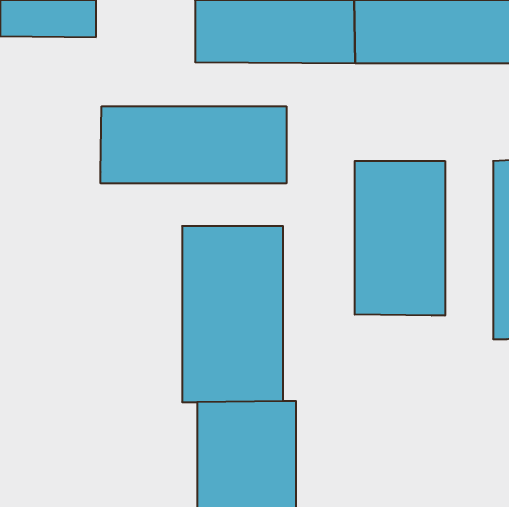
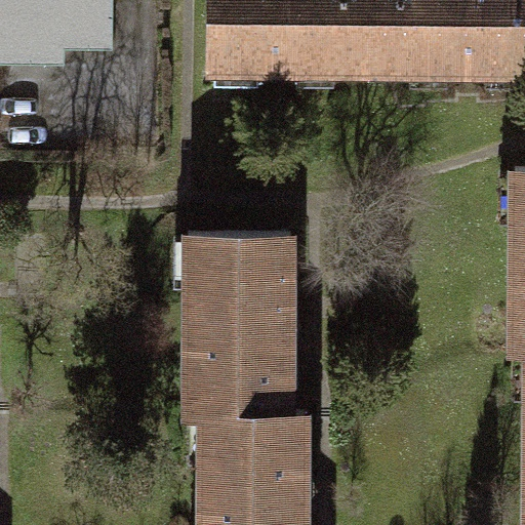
building: [101,106,286,183] -> none
building: [355,161,445,316] -> none

